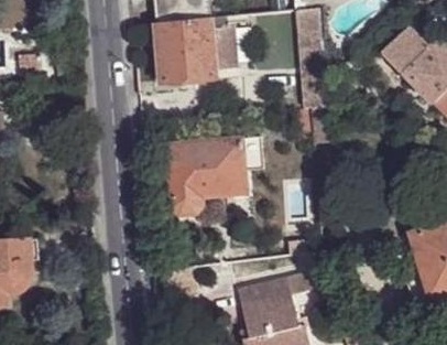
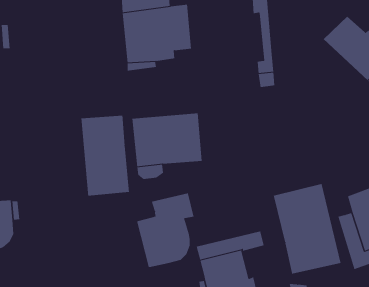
building: none -> [81,115,130,196]
building: none -> [273,183,341,274]
building: none -> [137,192,194,268]

